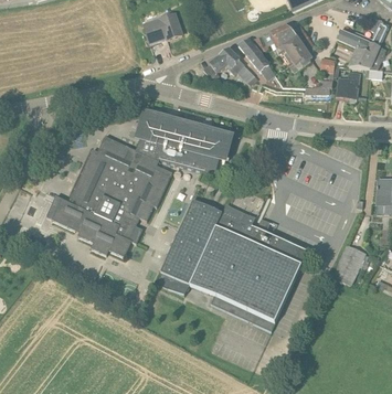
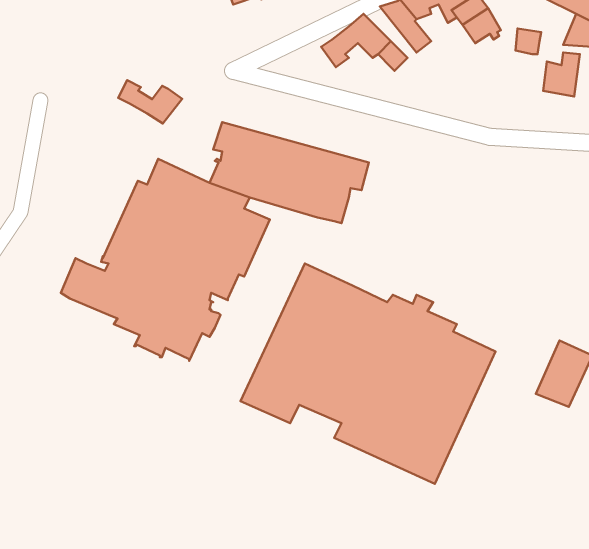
building: none -> [118,80,182,124]

